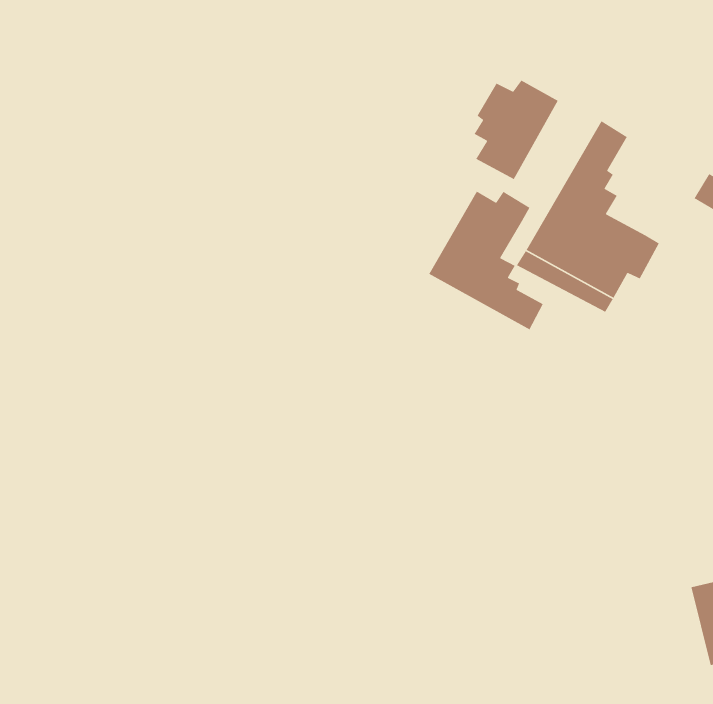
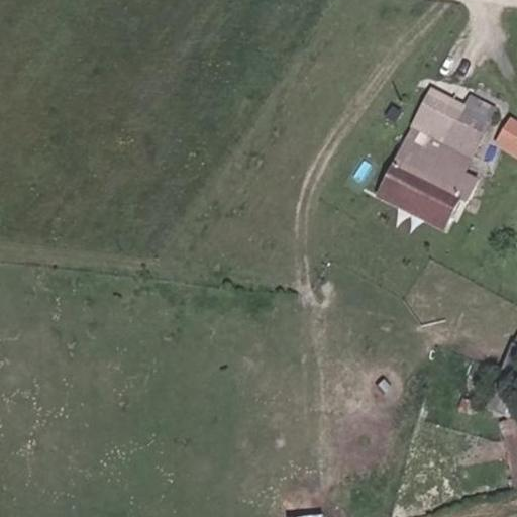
building: [474,80,559,180] -> [438,97,500,170]
building: [428,191,544,331] -> none

